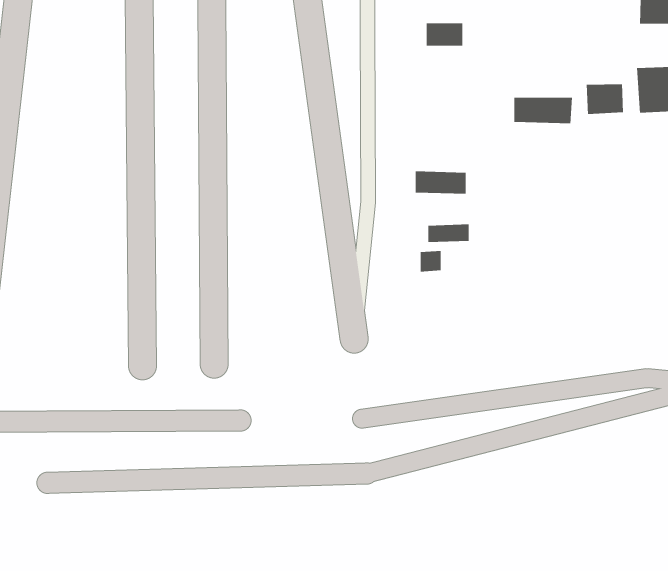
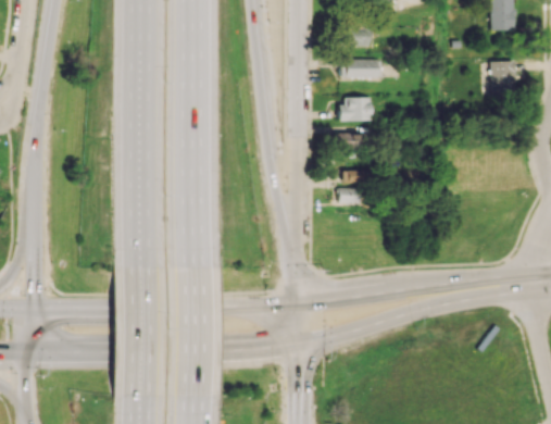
building: [586,84,624,115] -> none
building: [513,97,573,124] -> [340,60,381,78]
building: none -> [341,98,372,121]

